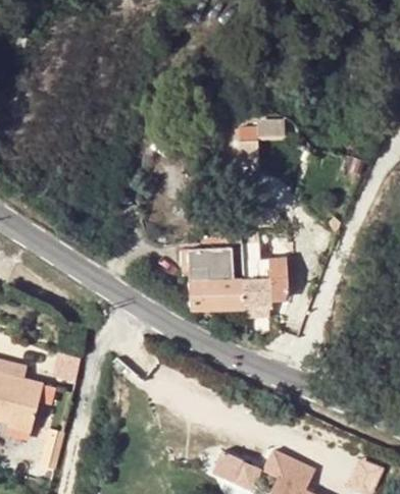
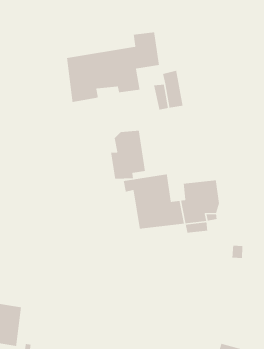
building: none -> [66,31,160,103]
building: none -> [110,130,146,180]

